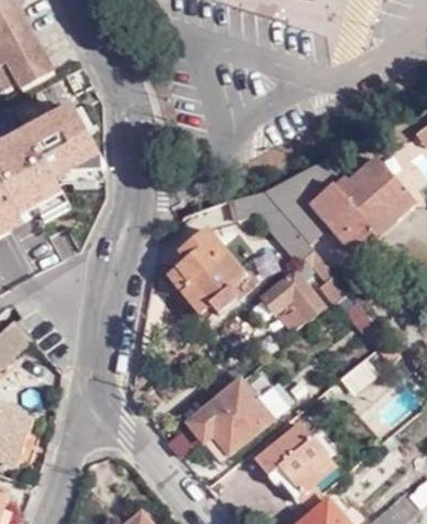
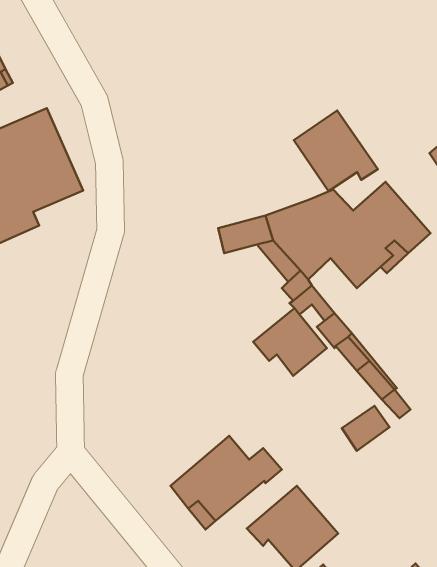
building: none -> [294,111,378,191]
building: [166,224,257,315] -> none

